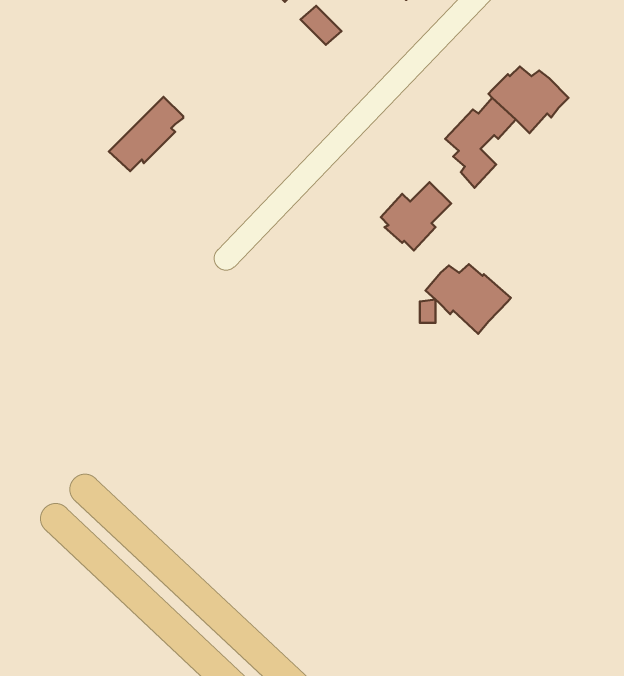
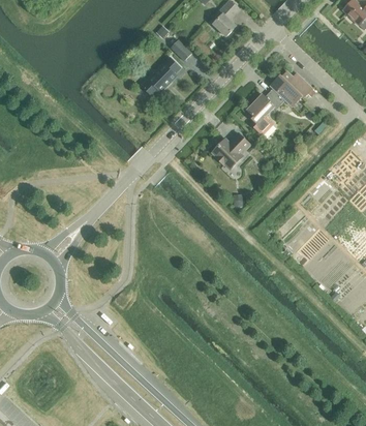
building: [109,97,183,171] -> [142,57,181,96]
building: [425,264,511,334] -> none

